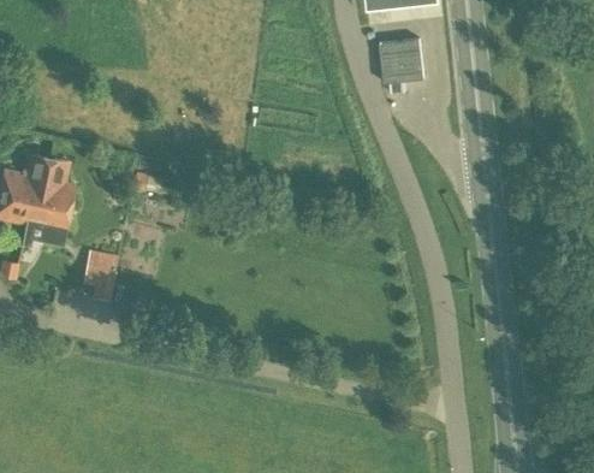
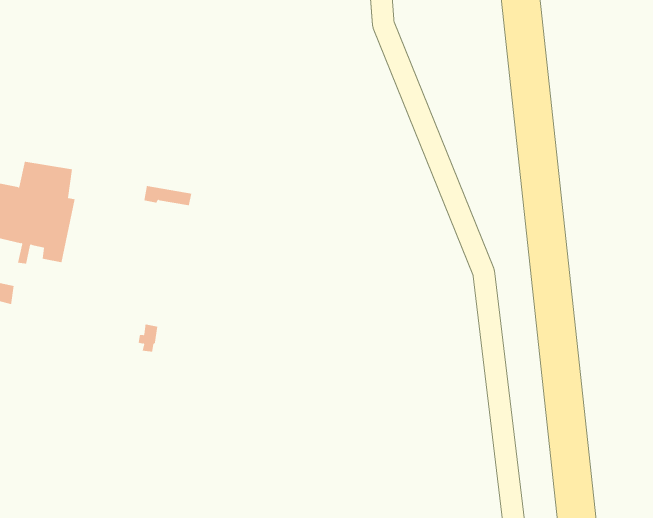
building: [379,40,423,85] -> none
building: [82,253,117,303] -> none

